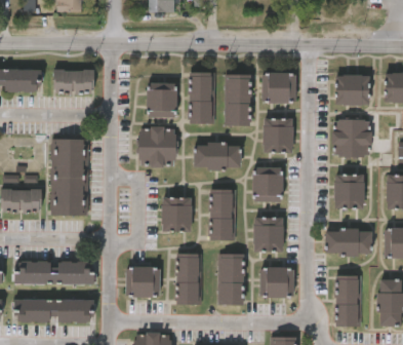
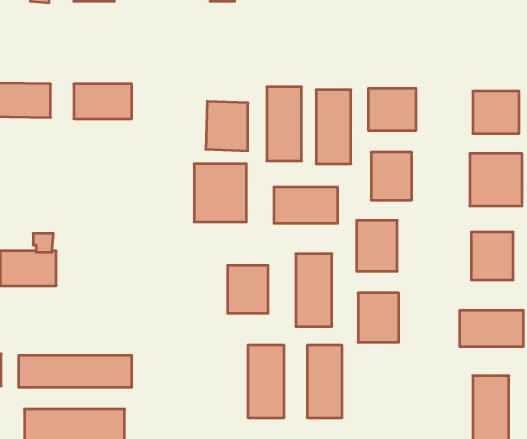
building: [51,139,87,216] -> none
building: [126,268,159,298] -> none
building: [260,268,294,298] -> none

